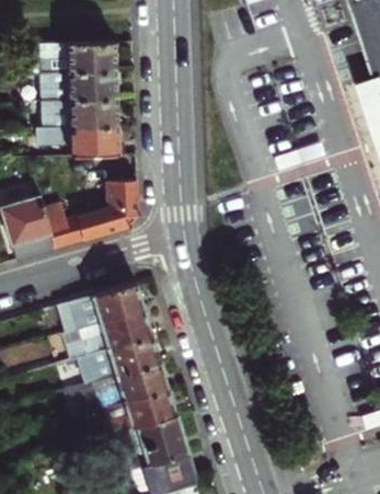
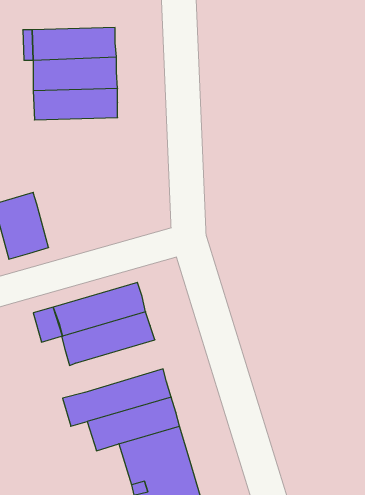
building: [39,127,118,157] -> none
building: [42,181,137,249] -> none
building: [78,335,160,384] -> none

